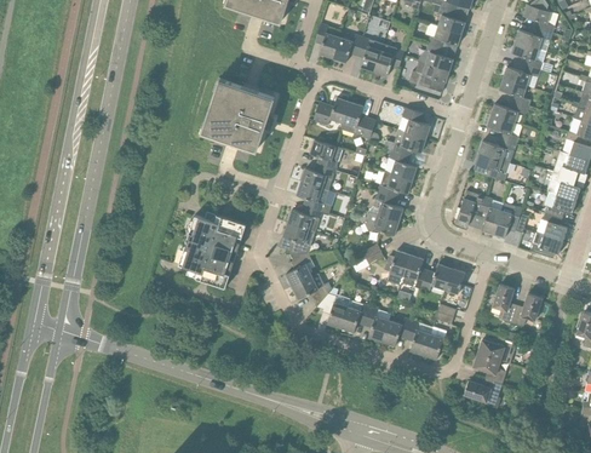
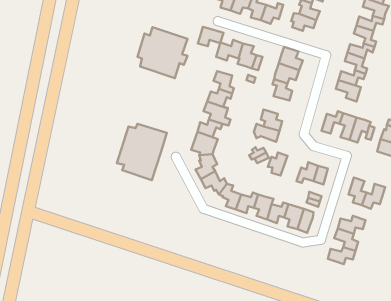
building: none -> [198,27,223,46]
building: [377,172,412,199] -> none
building: [400,256,428,289] -> none

